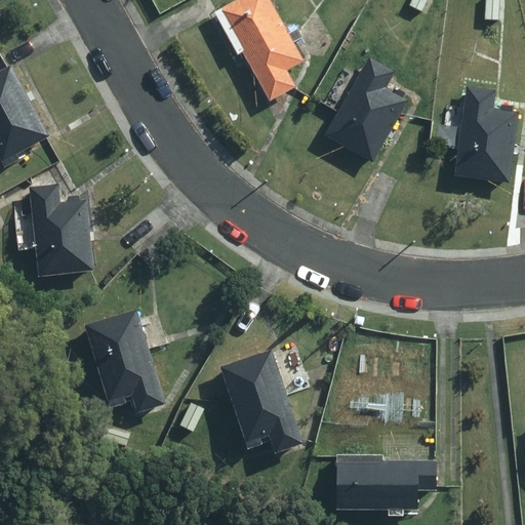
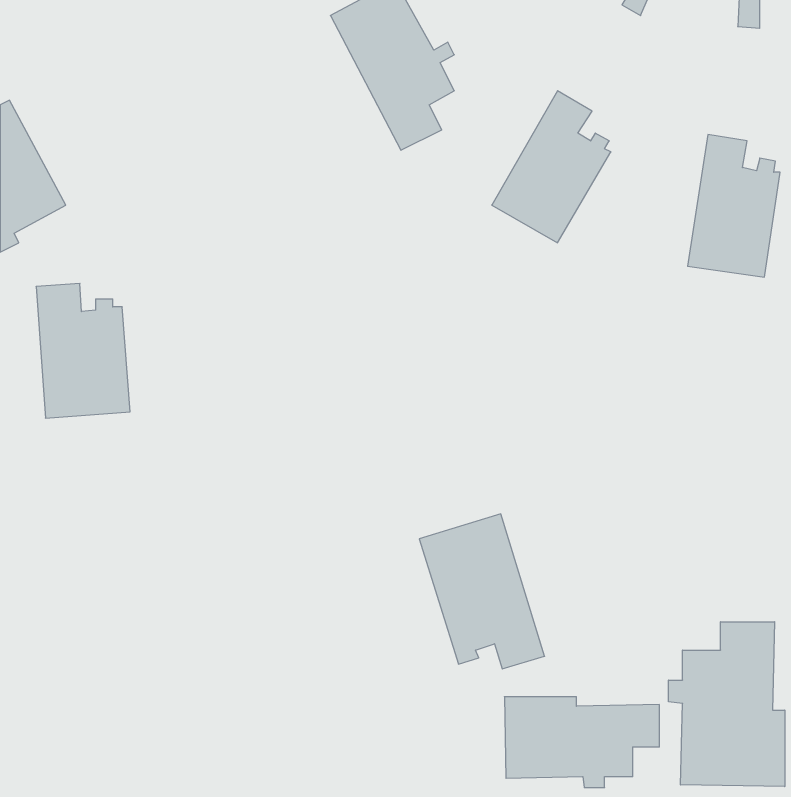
building: [84,310,161,411] -> none
building: [218,351,300,452] -> [419,514,545,669]
building: none -> [669,622,785,787]

